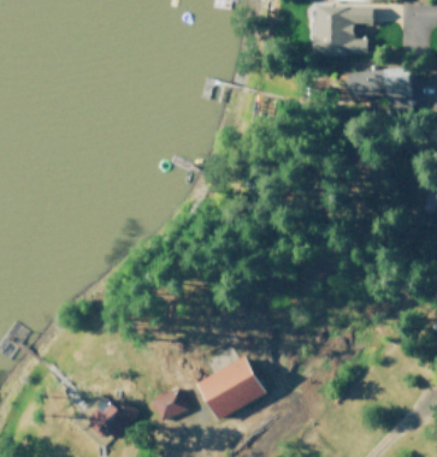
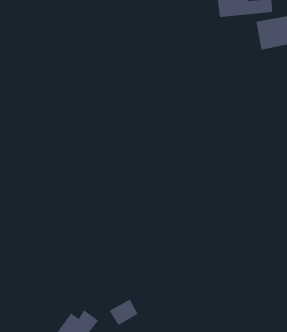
building: [194,355,261,415] -> none

